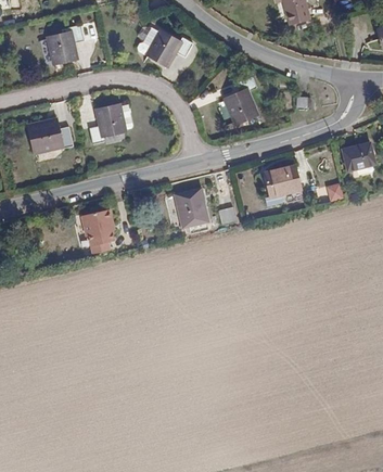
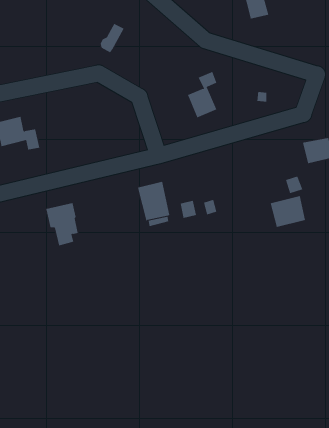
building: [49,25,82,62] -> none
building: [149,33,192,65] -> none
building: [88,106,122,144] -> none
building: [263,165,299,197] -> [270,196,306,228]

